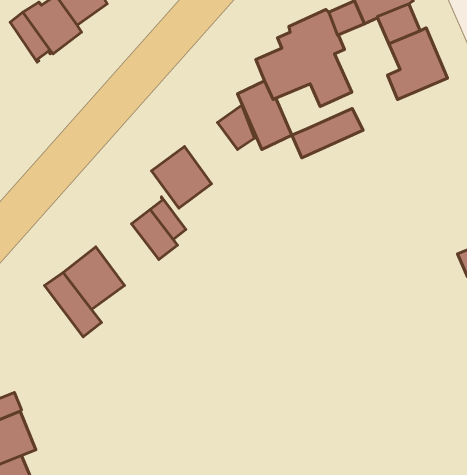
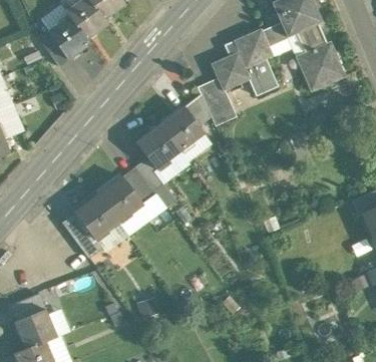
building: [292,109,363,158] -> none
building: none -> [160,107,203,150]
building: none -> [98,177,142,222]

